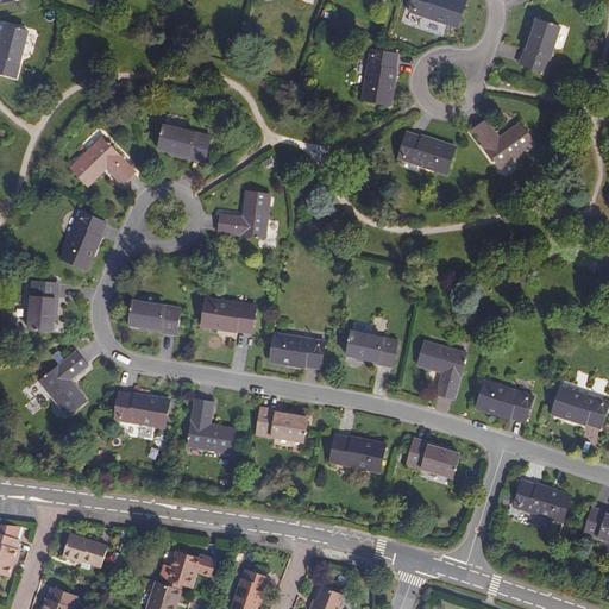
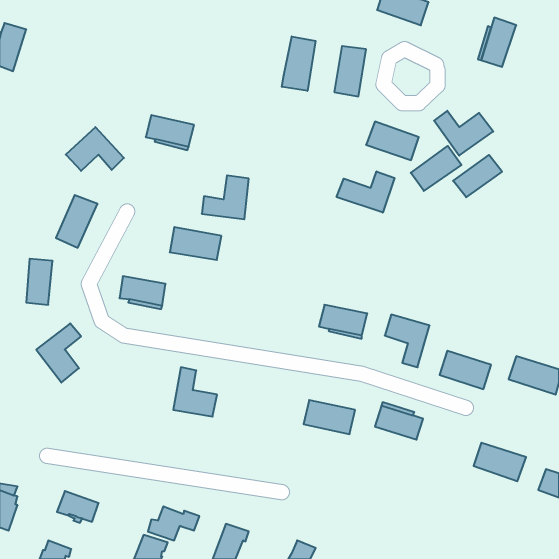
building: none -> [282,36,316,91]
building: none -> [411,146,461,191]
building: none -> [453,155,502,197]
building: none -> [337,171,395,213]
building: [201,296,257,332] -> [170,227,221,260]
building: [270,333,325,368] -> none
building: [114,393,169,427] -> none
building: [256,409,307,441] -> none

